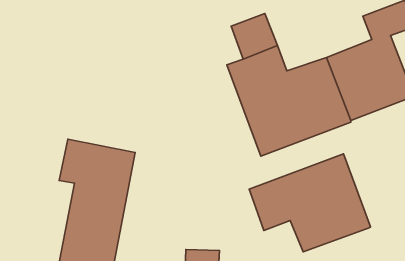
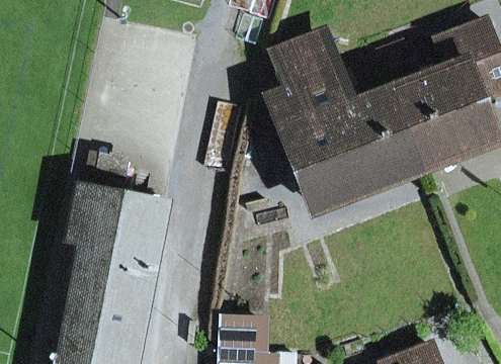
building: [249,154,371,252] -> none

